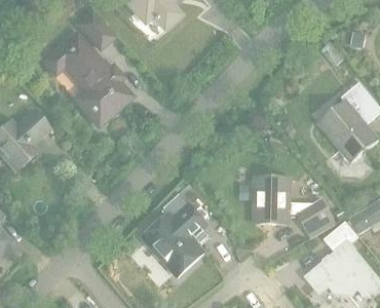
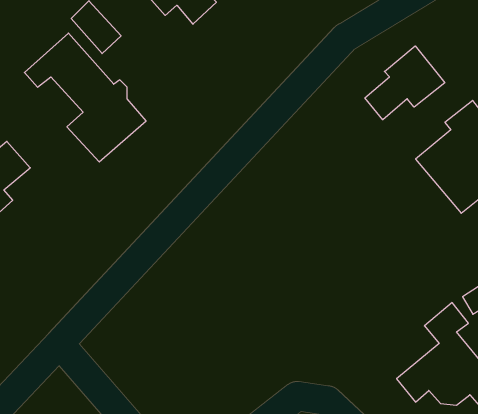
building: none -> [365,46,445,120]
building: [253,178,329,228] -> none
building: [141,183,206,276] -> none

